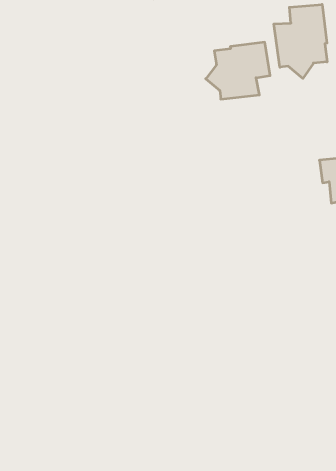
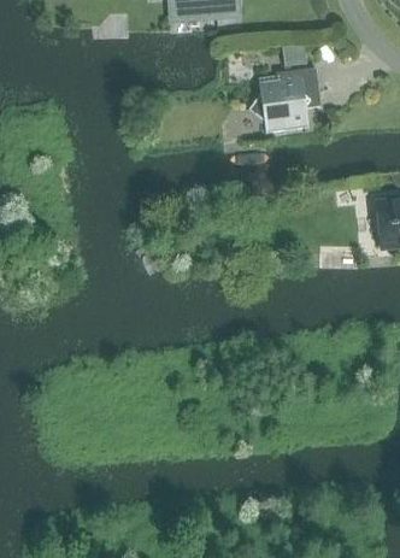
building: [274,4,327,78] -> none

